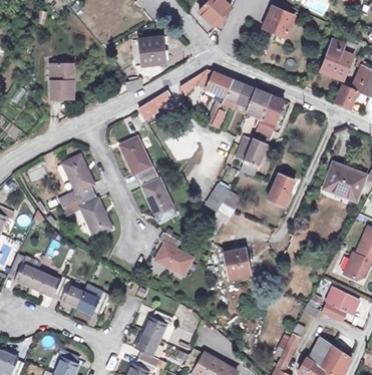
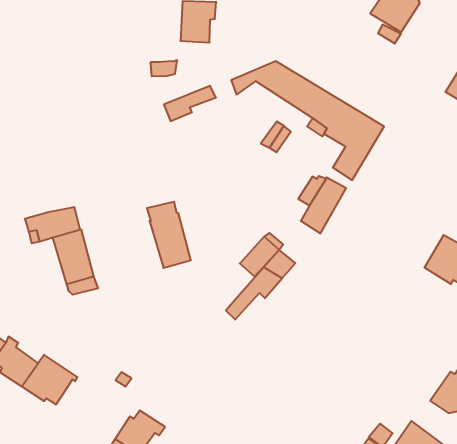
building: [51,64,73,99] -> none
building: [119,136,155,178] -> none
building: [62,155,93,192] -> none
building: [267,173,295,207] -> none
building: [155,232,194,276] -> none
building: [225,249,250,279] -> none

